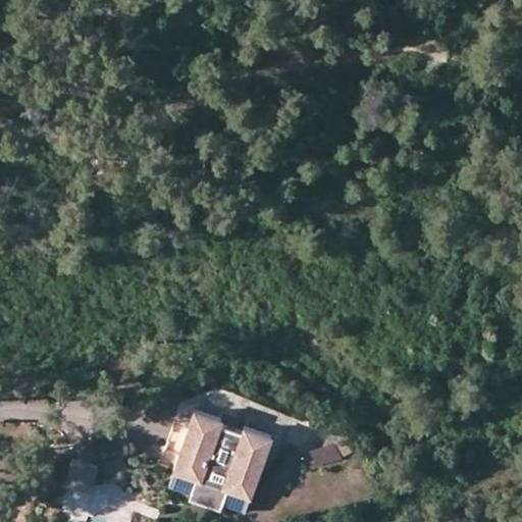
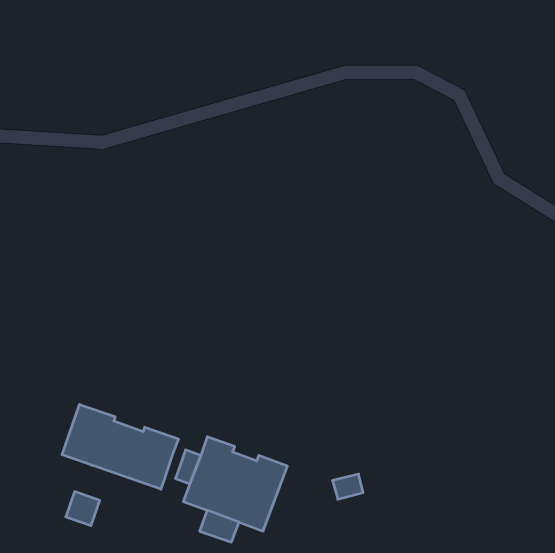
building: none -> [62,404,178,489]

